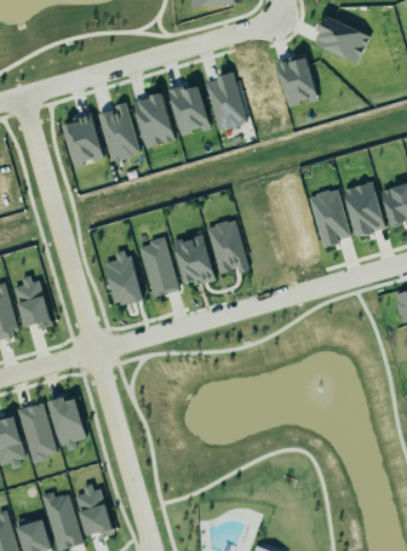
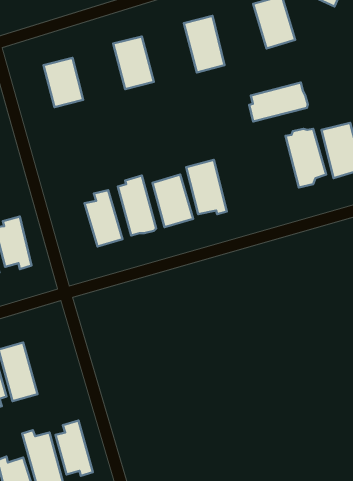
building: [170,84,210,134] -> none
building: [97,104,141,162] -> none
building: none -> [249,82,308,122]
building: [48,397,86,453] -> none

